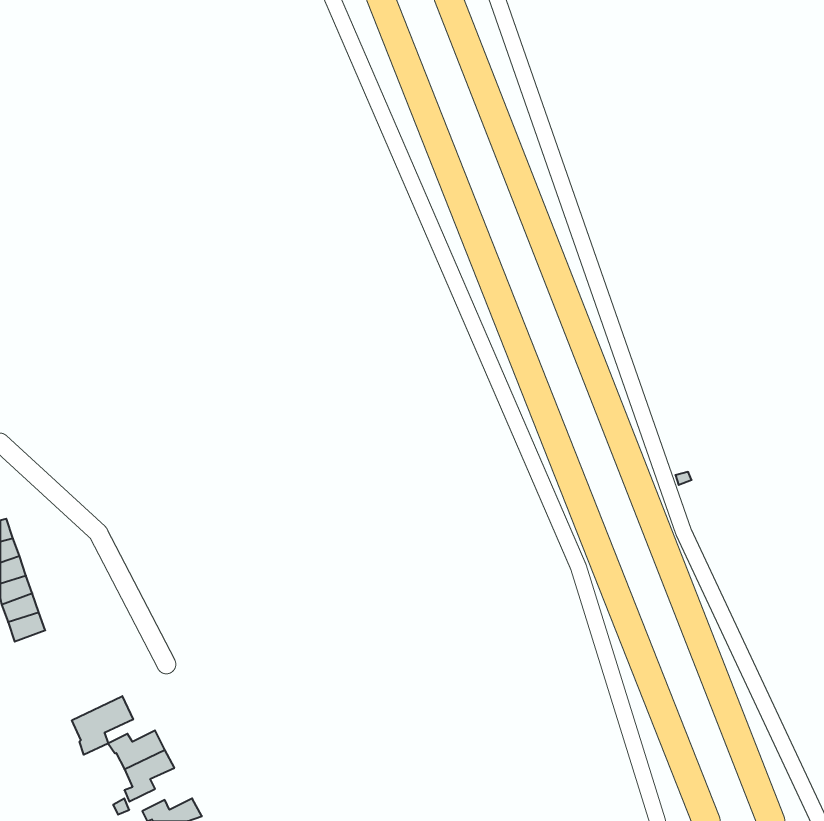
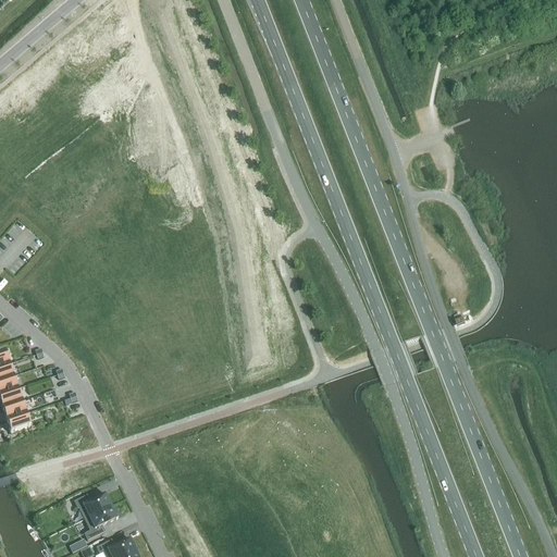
building: [72,696,133,755] -> none

